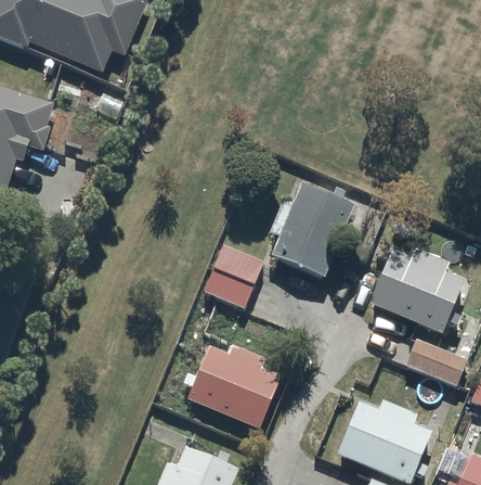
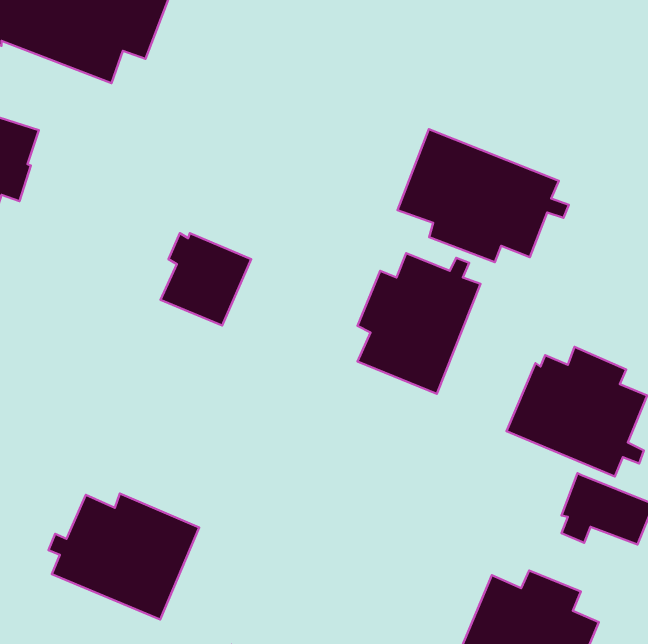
building: none -> [398,129,569,262]
building: [203,241,263,303] -> [161,233,251,326]
building: [183,345,284,430] -> [49,493,199,620]

